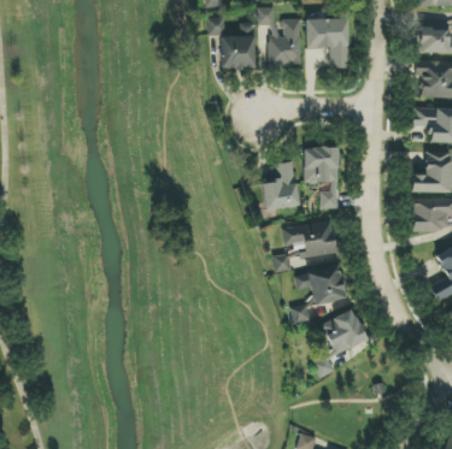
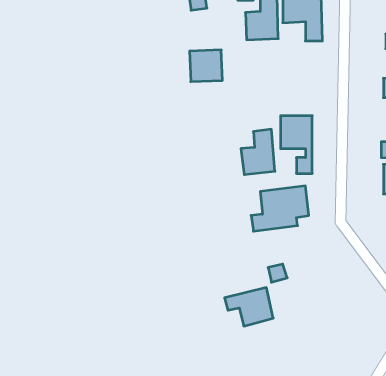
building: [219,35,254,69] -> [190,50,222,82]
building: [294,265,346,306] -> [225,288,273,326]
building: [321,308,366,354] -> none

